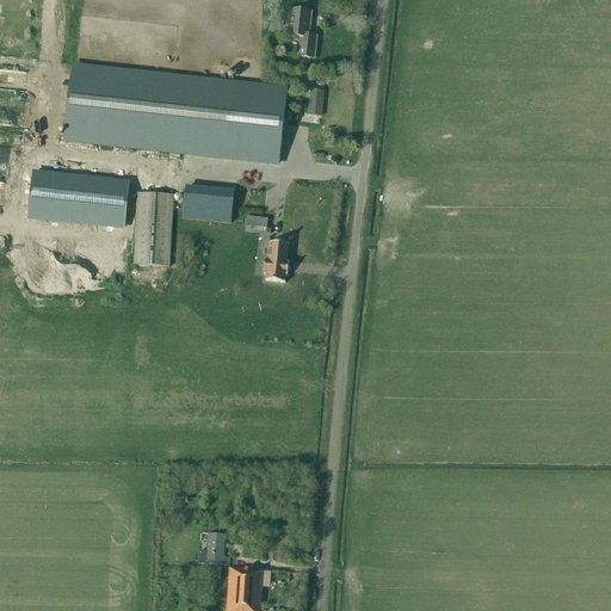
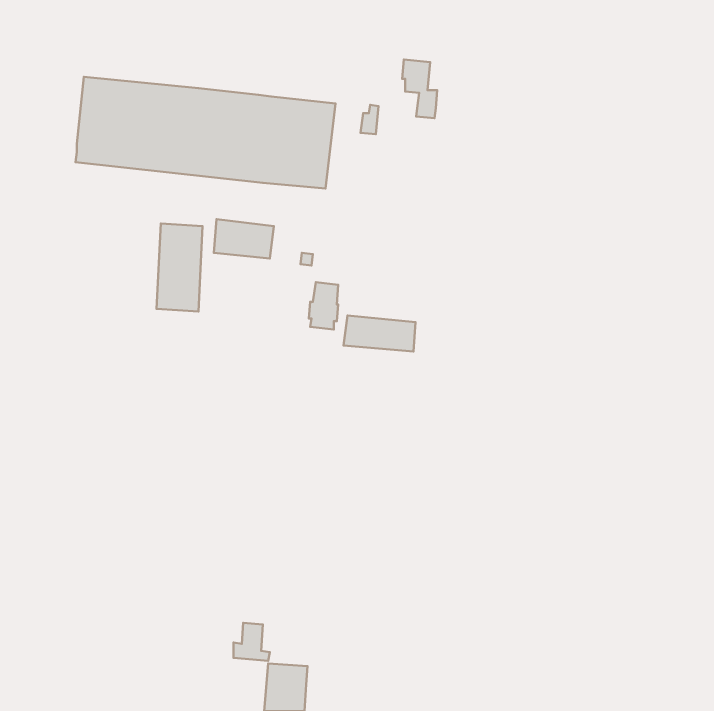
building: [286,7,316,57] -> [402,59,437,118]
building: [27,175,129,226] -> none
building: none -> [343,316,416,351]

